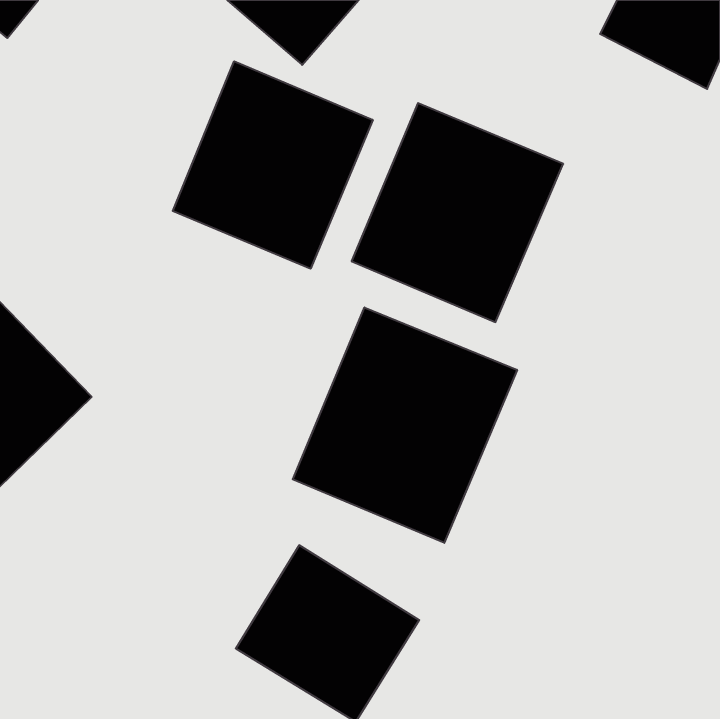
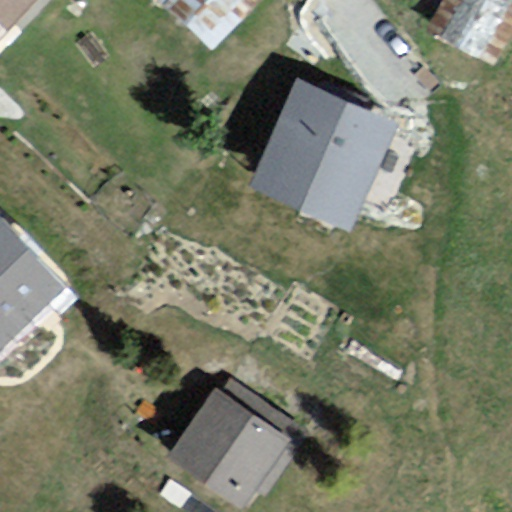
building: [173,61,373,269] -> none
building: [293,307,517,543] -> none

